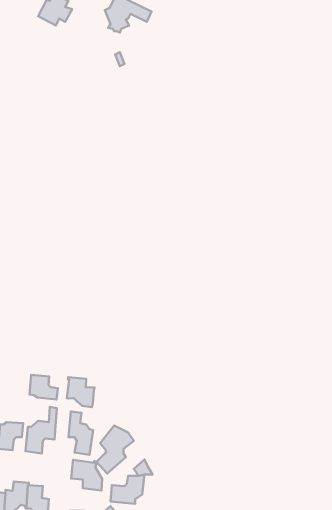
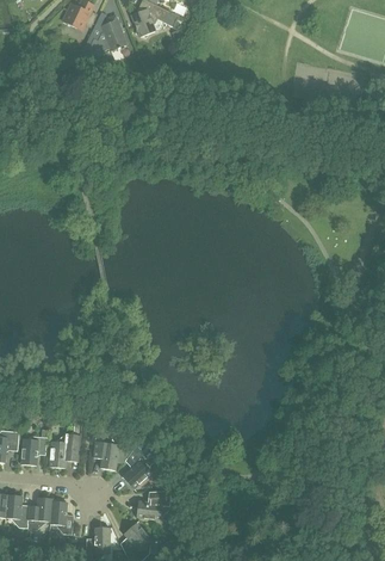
building: none -> [77,14,126,62]
building: [30,375,58,400] -> none
building: [67,377,94,407] -> none
building: [71,460,102,490] -> none

